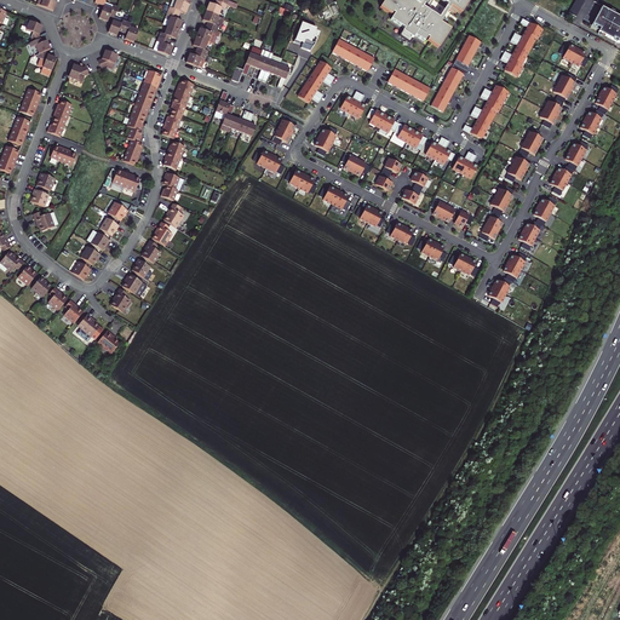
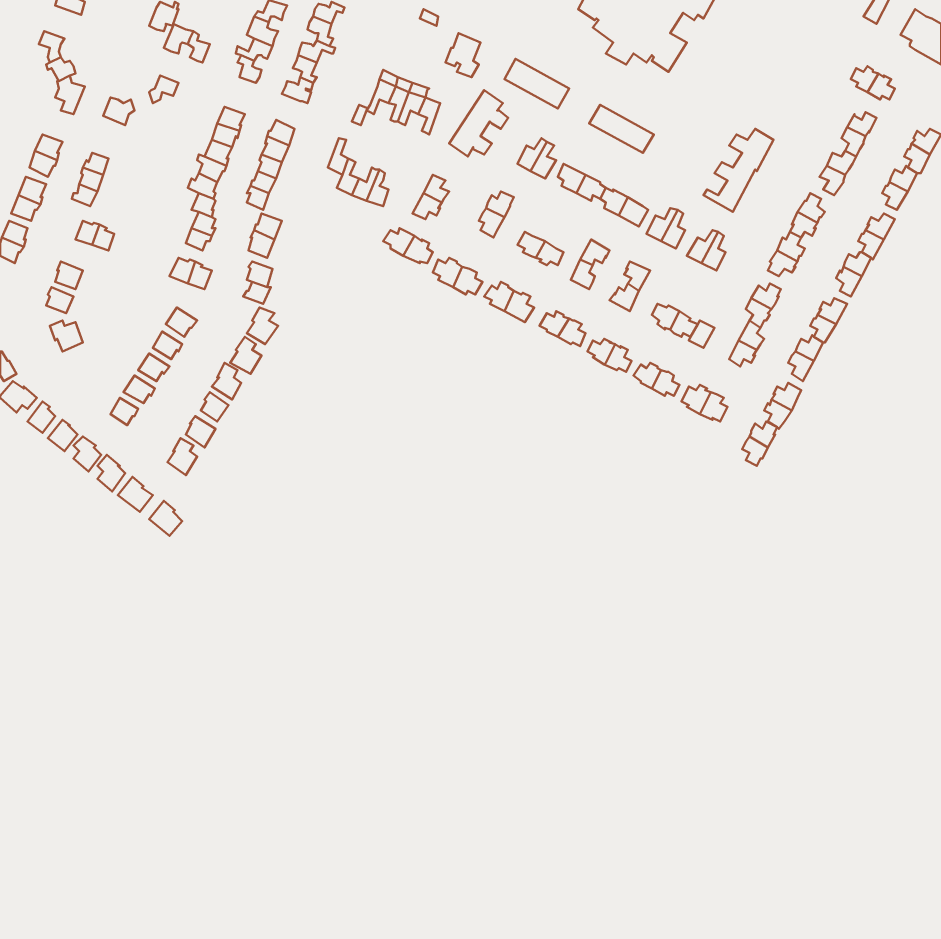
building: [500,18,542,76] -> none
building: [430,35,483,111] -> none

